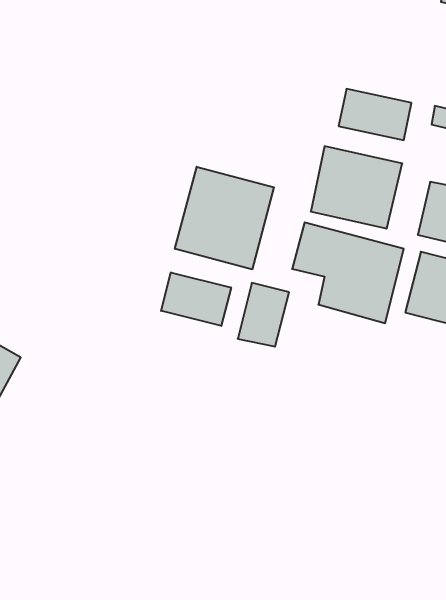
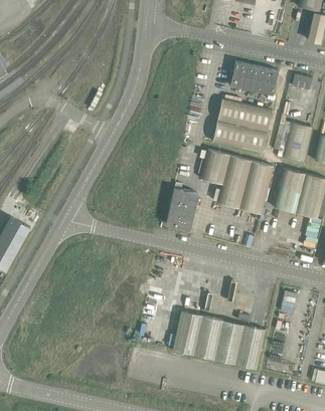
building: [175,167,274,269] -> none
building: [161,272,231,326] -> none
building: none -> [173,311,266,369]

